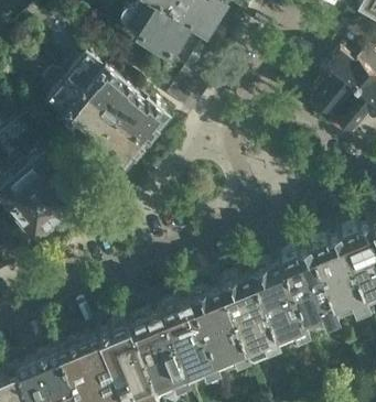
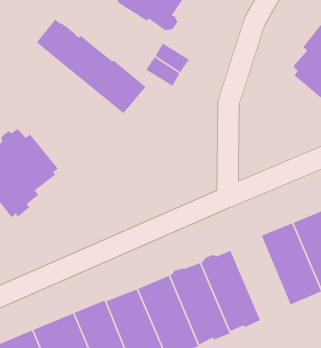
building: [44,77,148,174] -> none
building: [251,265,310,345] -> none

